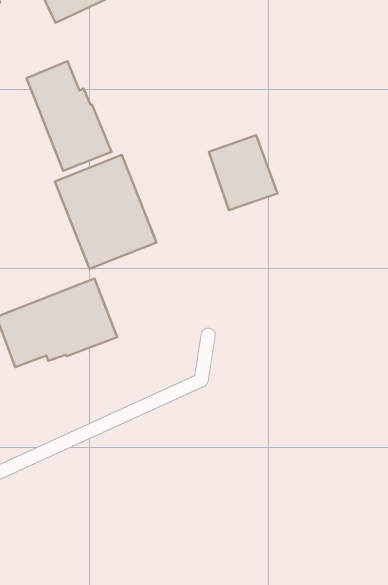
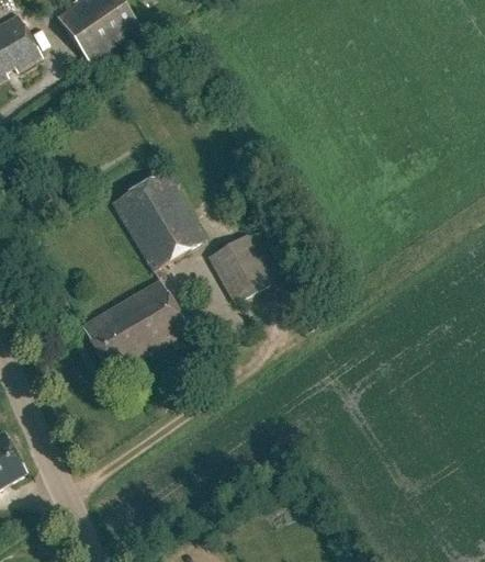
building: [27,61,111,171] -> none
building: [209,135,278,210] -> [207,231,272,299]

